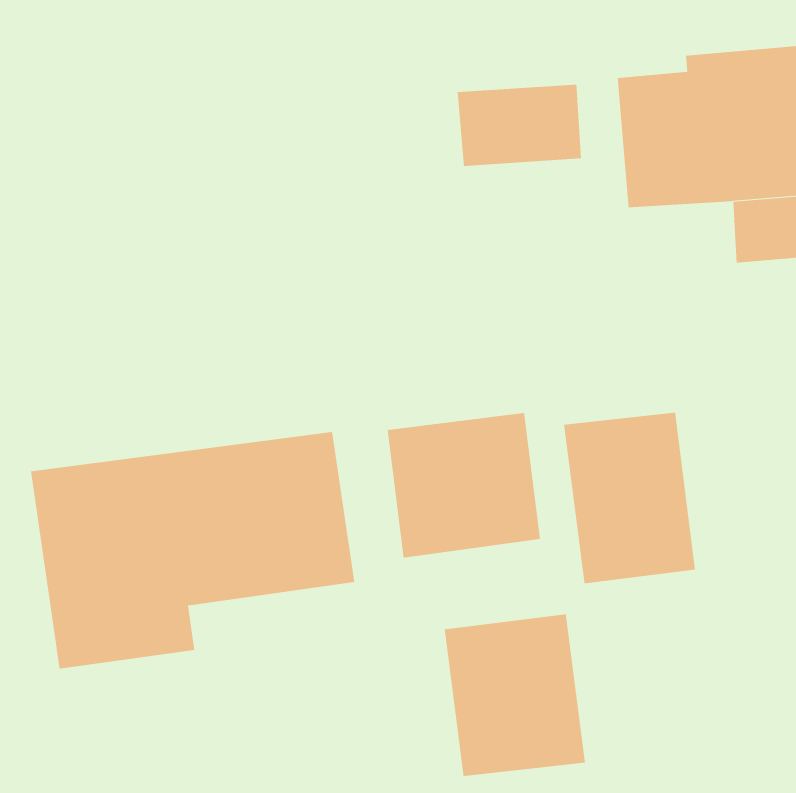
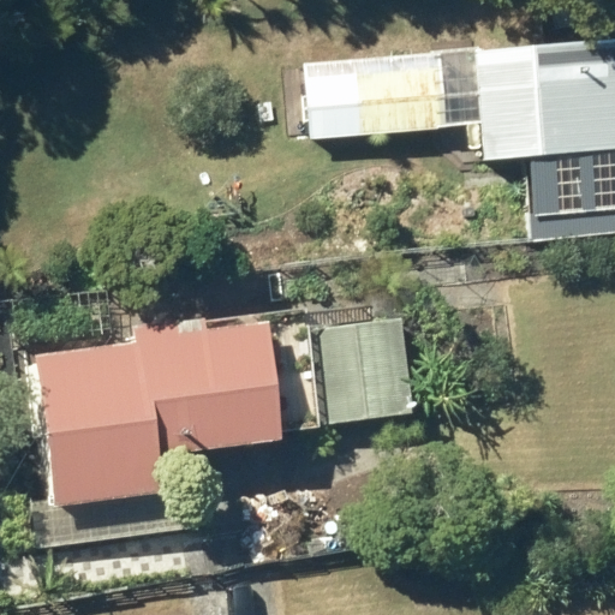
building: [563,412,696,584] -> none
building: [444,613,585,777] -> none

